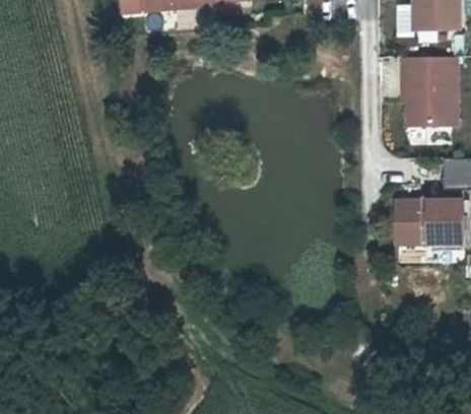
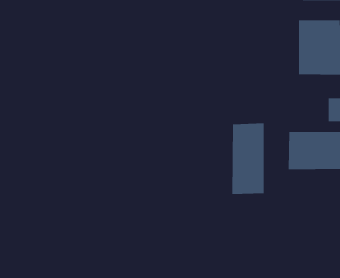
building: none -> [232,123,264,195]

